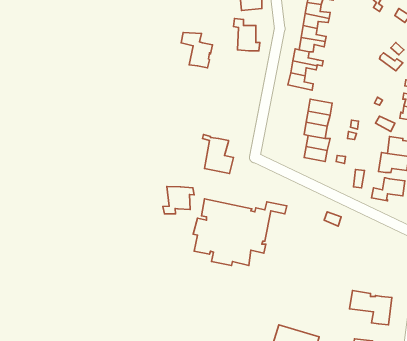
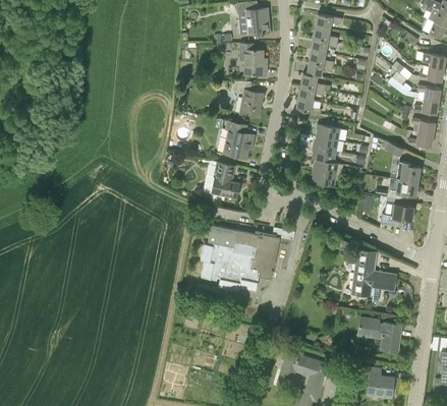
building: [181,33,212,68] -> [231,81,263,117]
building: none -> [224,120,255,159]
building: [163,187,194,214] -> none
building: none -> [351,250,395,306]

